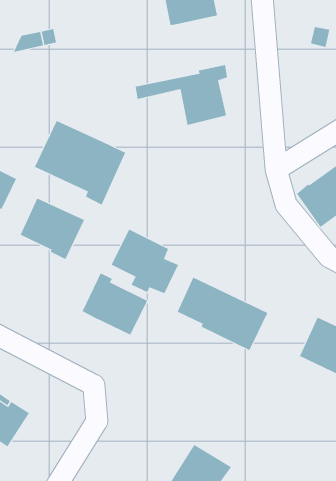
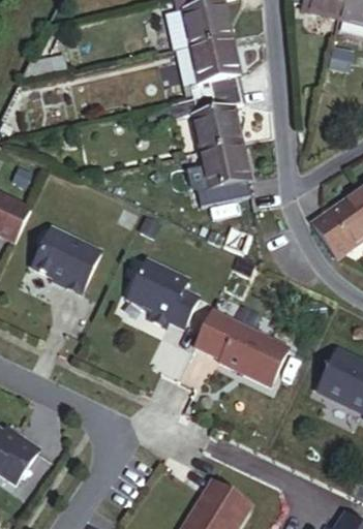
building: none -> [186,39,242,96]
building: none -> [202,143,251,201]
building: [34,120,126,205] -> none
building: [82,272,148,335] -> none

